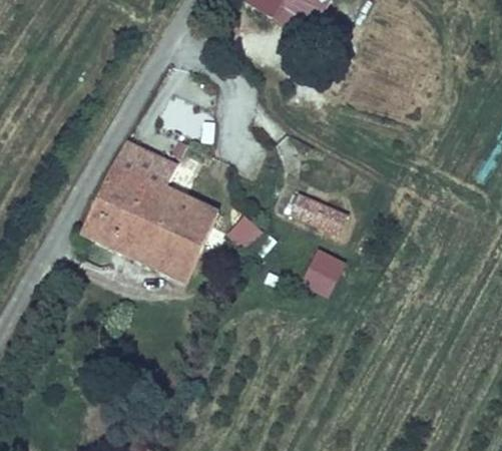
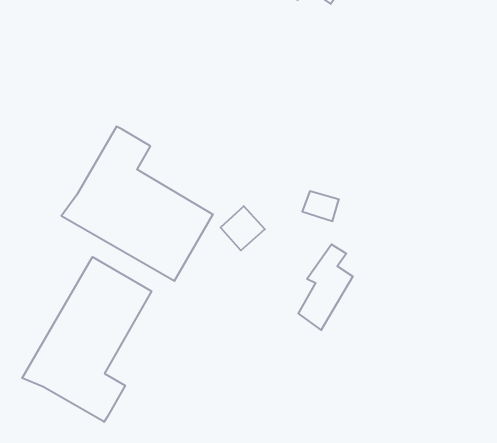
building: none -> [22,257,151,422]

